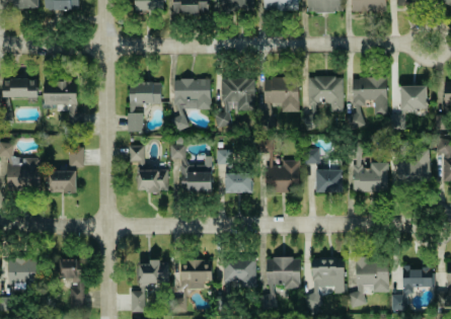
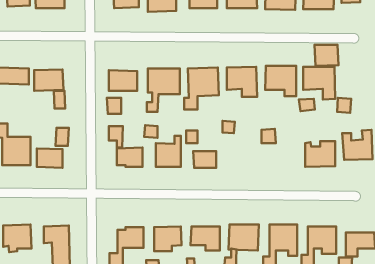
building: [399,86,427,110] -> [315,45,339,66]
building: [265,161,300,192] -> none
building: [315,170,342,193] -> none

